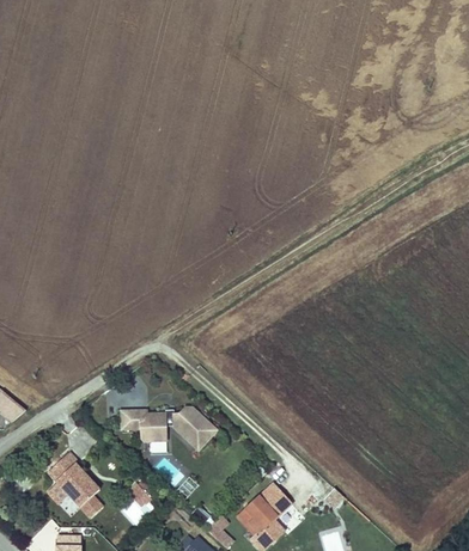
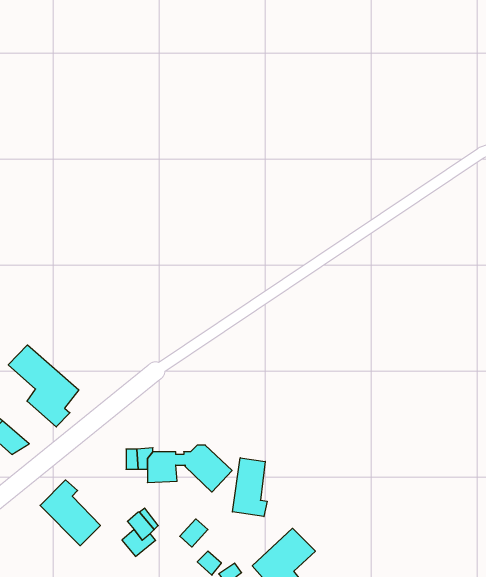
building: none -> [8,345,79,427]
building: none -> [232,458,267,517]

